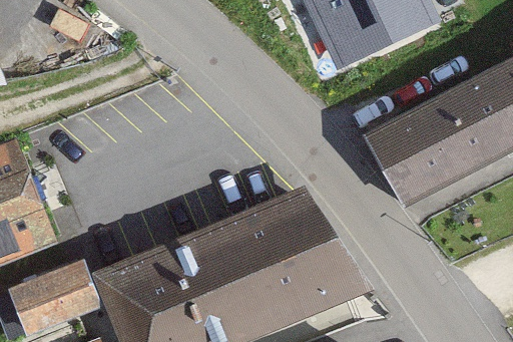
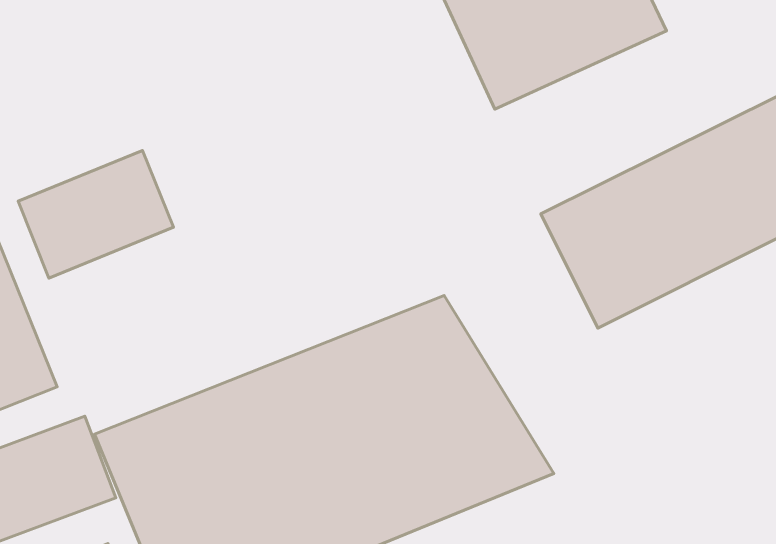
building: none -> [18,150,173,278]

